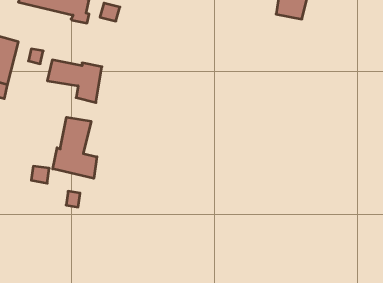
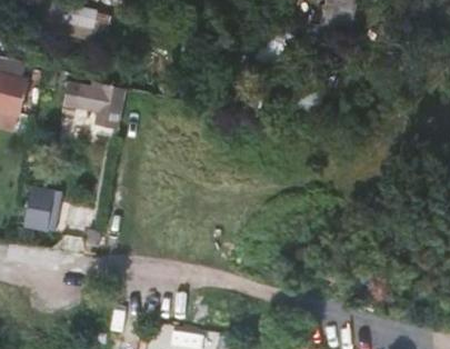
building: [53,117,97,178] -> none

